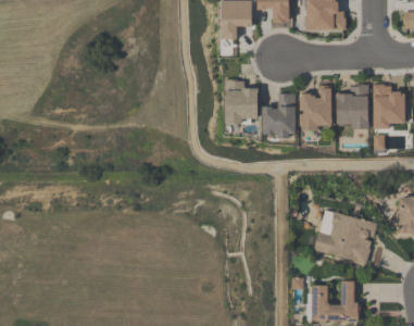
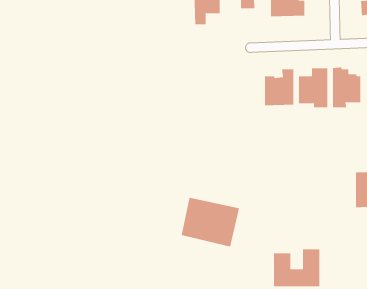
building: [225,79,258,123] -> none
building: [262,93,294,134] -> none
building: [312,211,376,265] -> [181,197,240,247]

